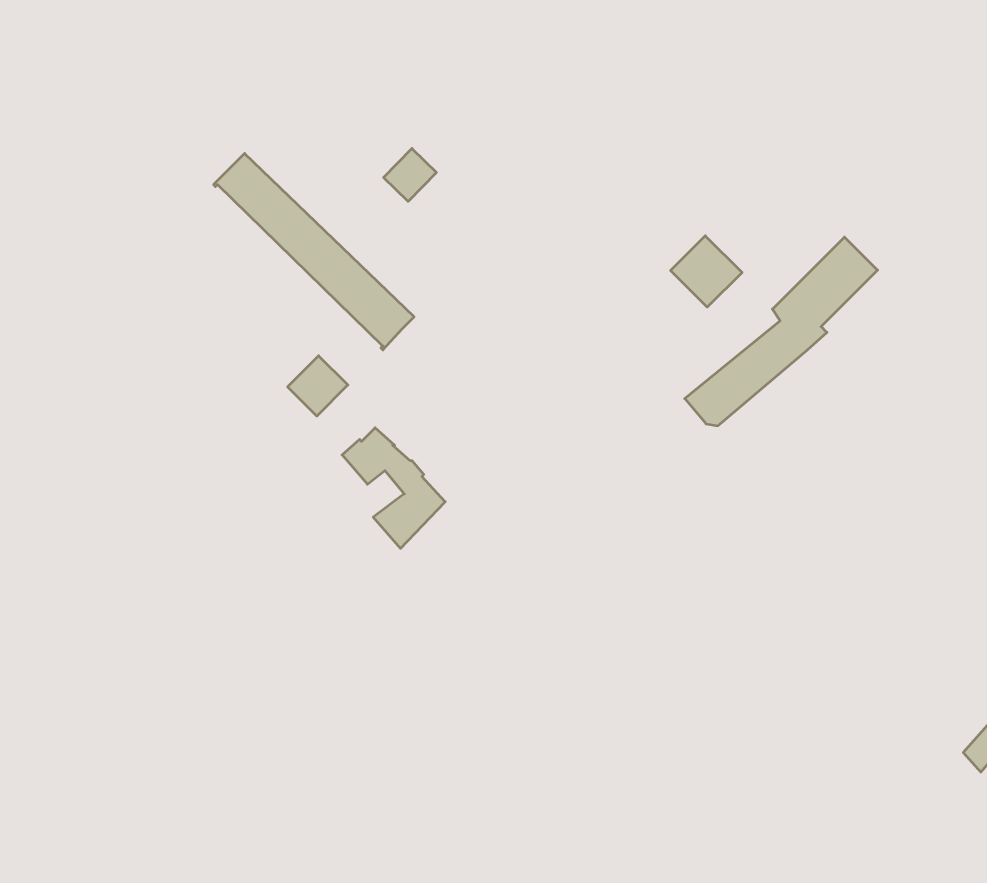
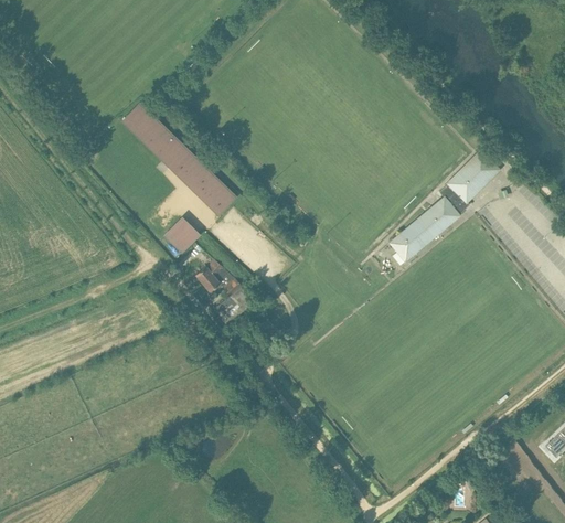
building: [384,148,436,201] -> none
building: [671,236,742,307] -> none

